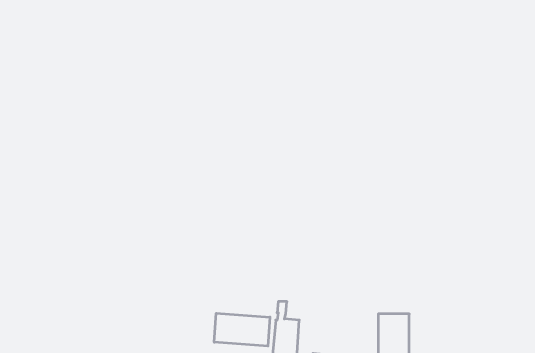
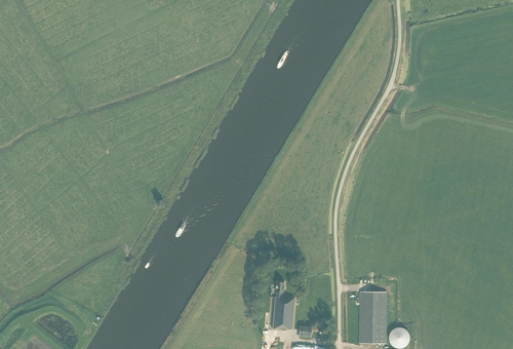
building: [214,313,270,346] -> none

